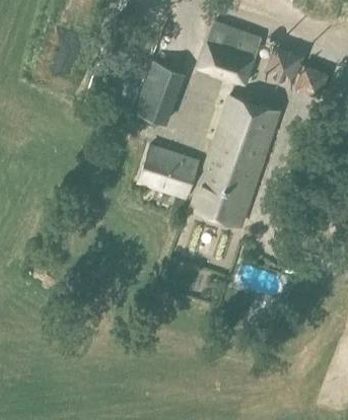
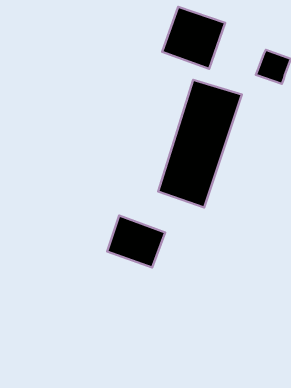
building: [135,60,188,124] -> none
building: [140,144,199,197] -> [107,215,165,267]

